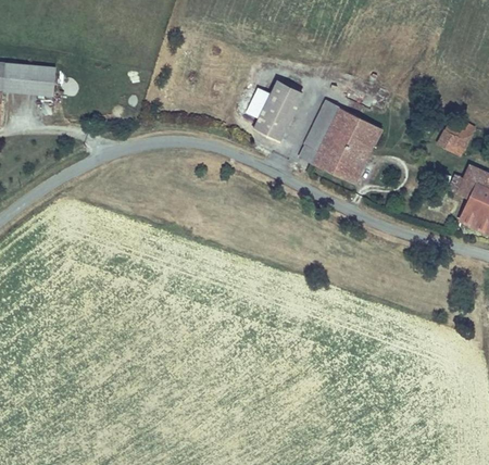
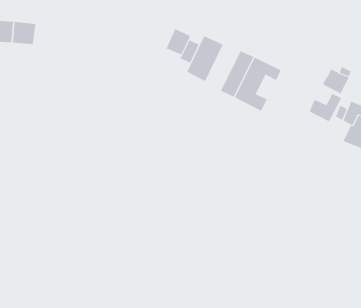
building: none -> [166,28,191,55]
building: [348,134,374,165] -> none
building: none -> [309,93,342,122]

